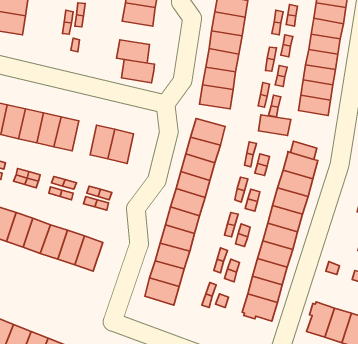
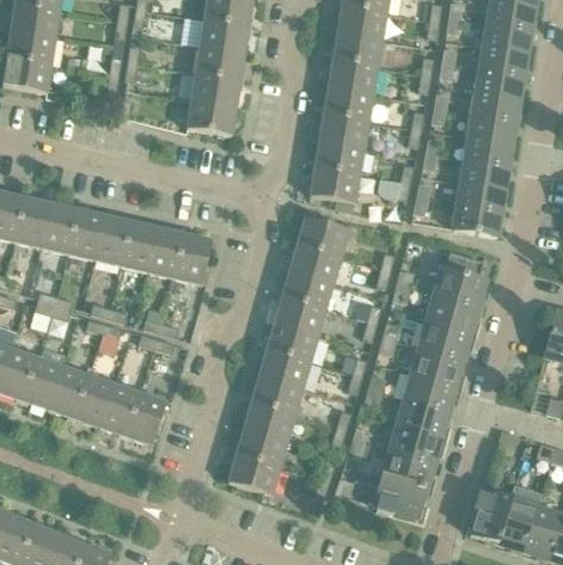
building: [122,59,155,83] -> [192,72,241,106]
building: [259,115,291,136] -> [454,204,502,235]
building: none -> [122,220,158,270]

